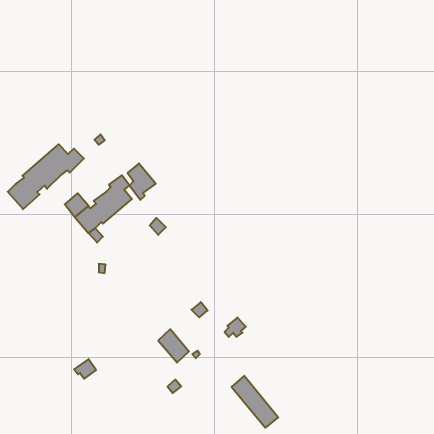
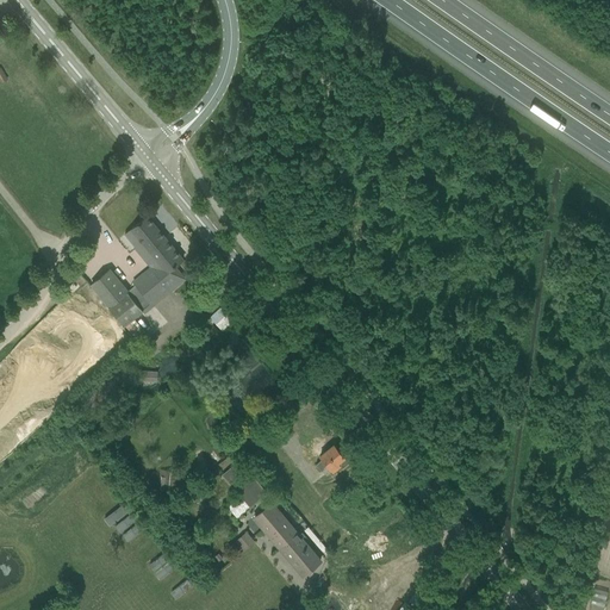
building: [8,144,84,209] -> none
building: [128,163,156,200] -> [131,218,170,269]
building: [232,376,278,428] -> [254,504,319,577]

